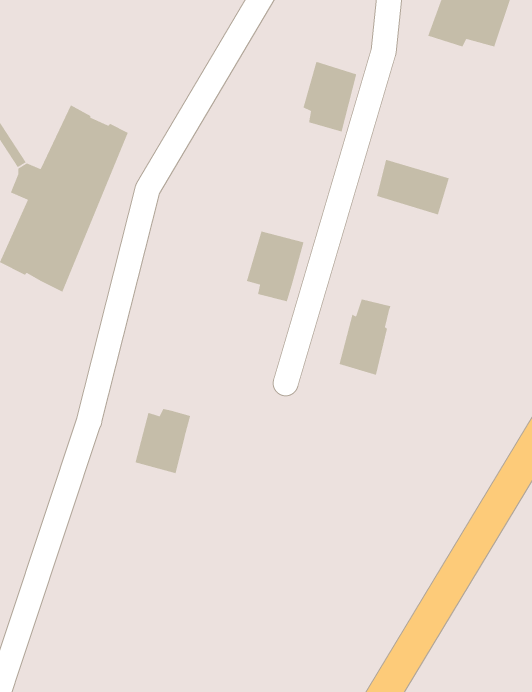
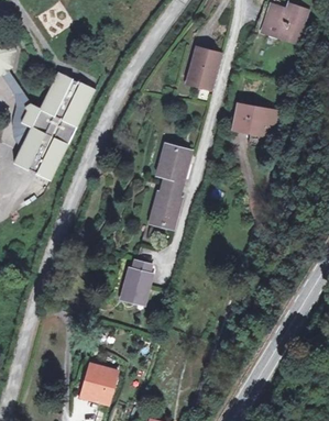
building: [339,298,391,376] -> [149,181,179,226]
building: [135,408,191,474] -> [123,266,156,304]
building: none -> [84,367,116,405]

